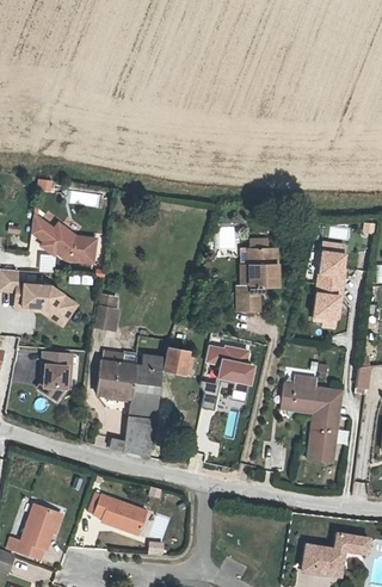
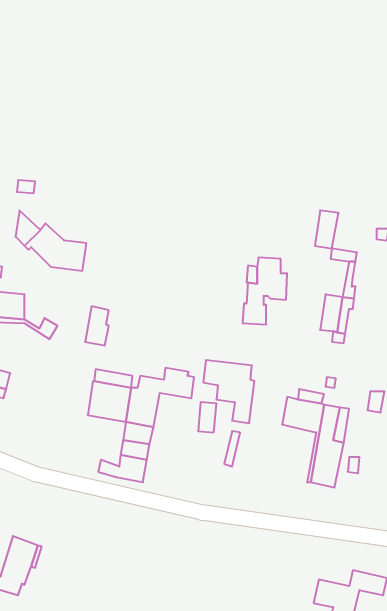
building: [316,252,338,286] -> [315,210,339,248]
building: [43,286,79,315] -> none
building: [42,351,73,400] -> none
building: [92,494,149,536] -> none

